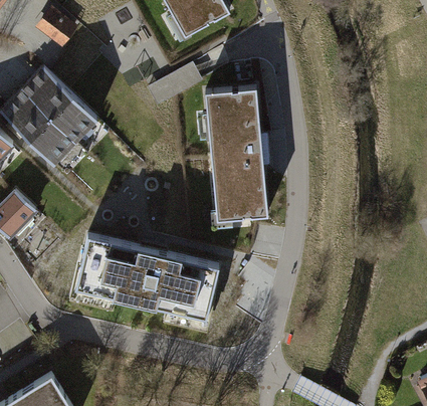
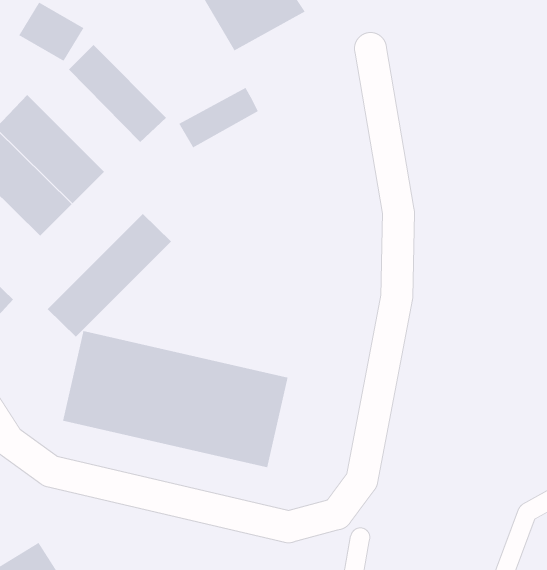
building: none -> [68,44,167,143]
building: [204,87,270,221] -> none
building: none -> [47,213,172,337]

